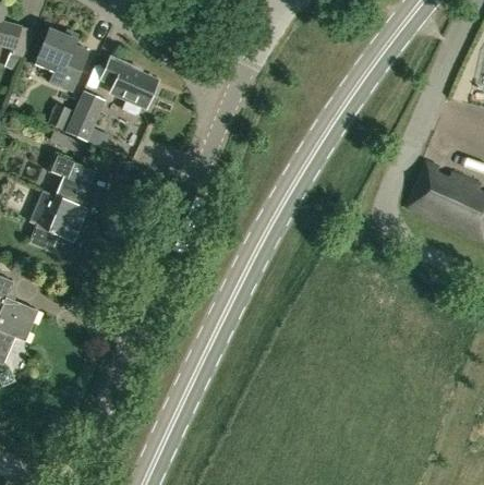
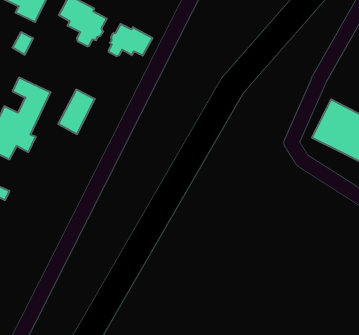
building: none -> [109,24,152,56]
building: [69,87,110,140] -> [58,90,95,134]

